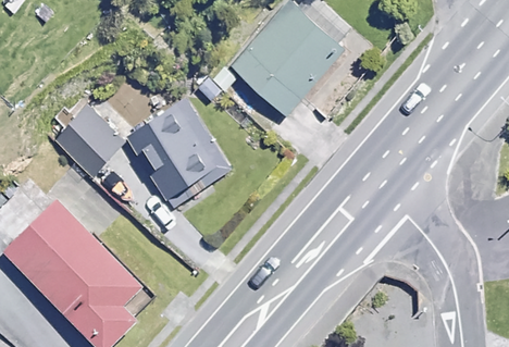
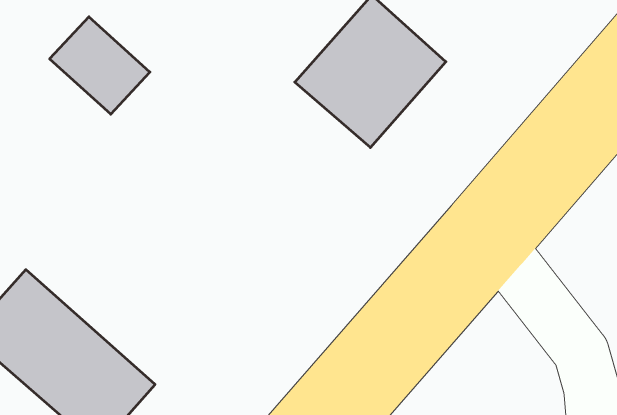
building: [136,101,232,203] -> none
building: [57,102,132,175] -> [50,17,150,114]

